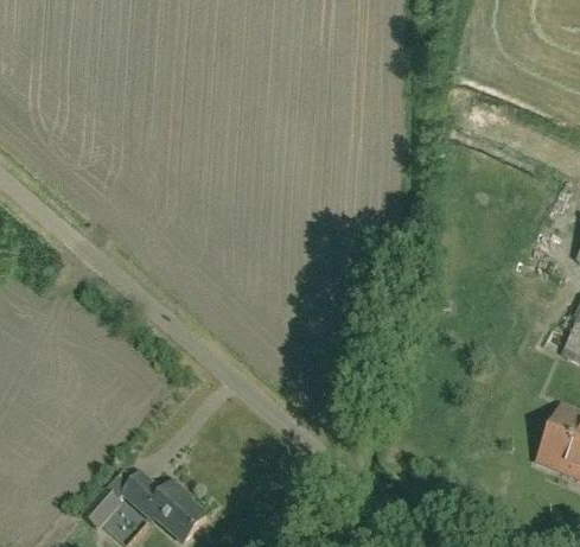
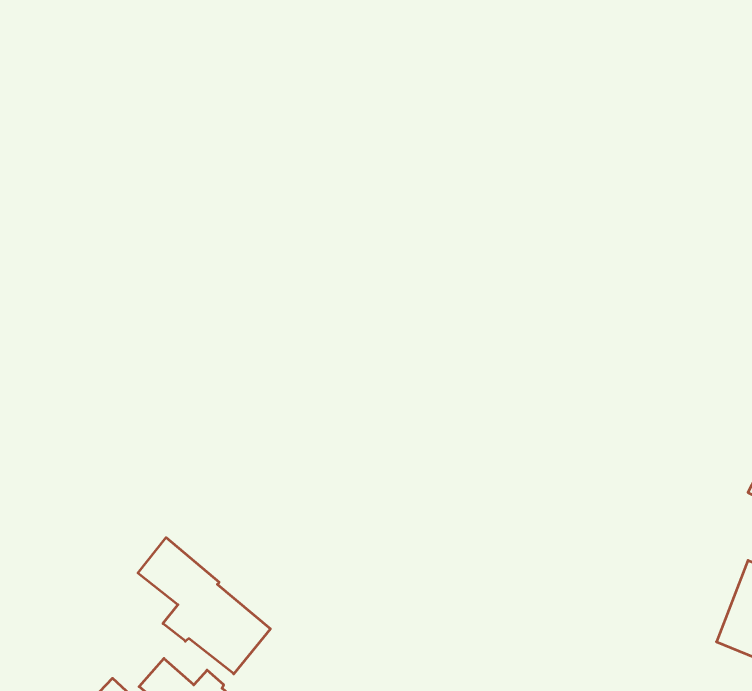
building: none -> [138,538,270,674]

